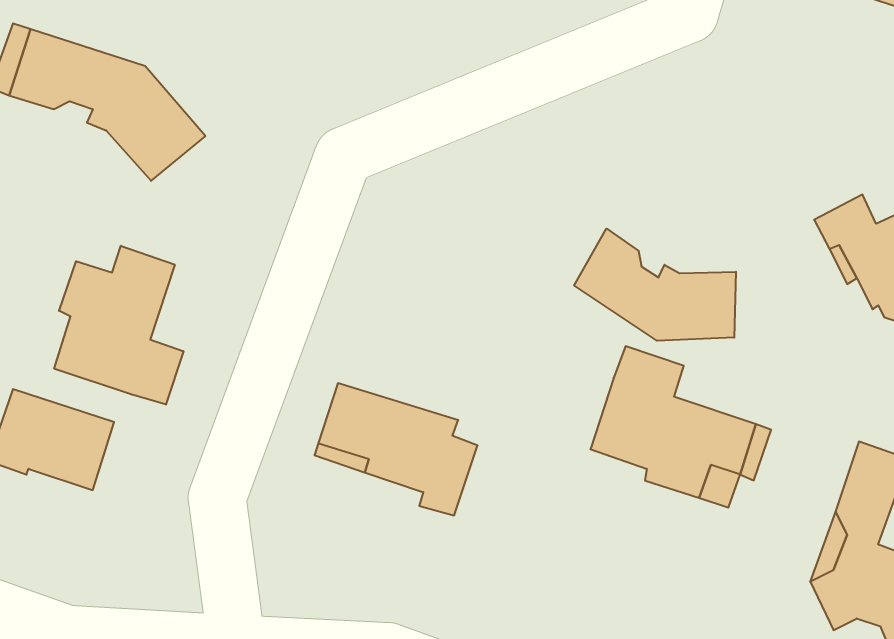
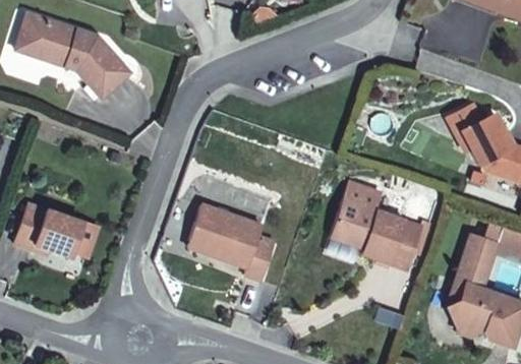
building: [574,229,736,341] -> none
building: [54,246,183,405] -> none

